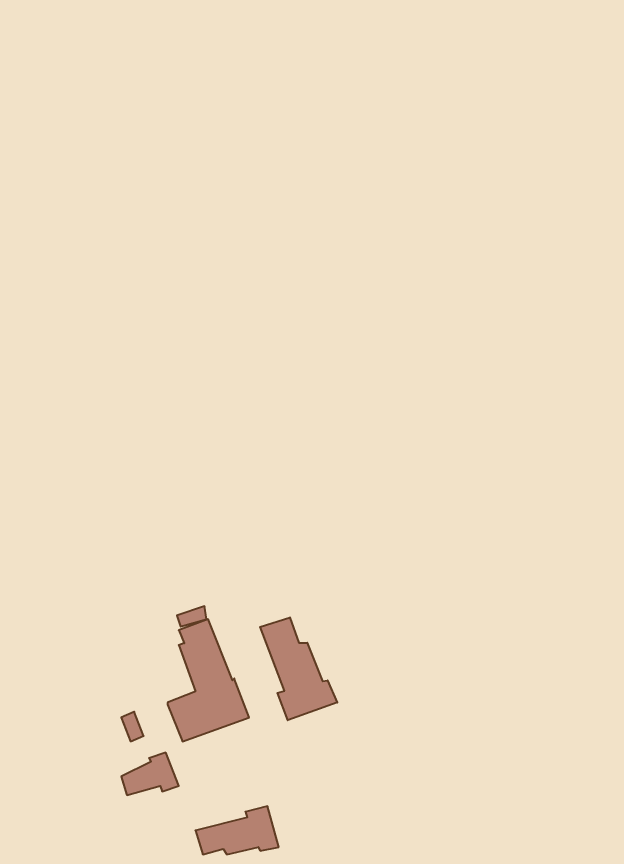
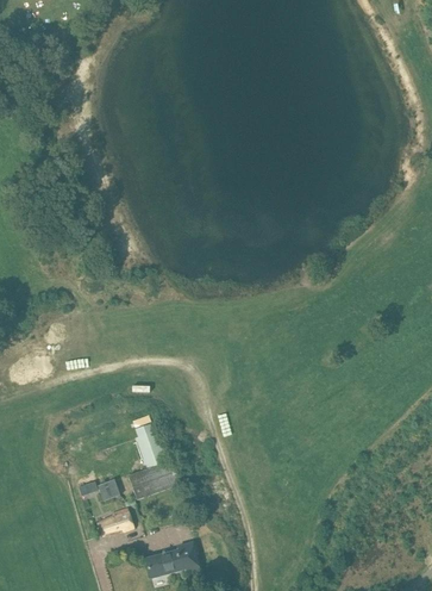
building: [260,617,337,720] -> none

